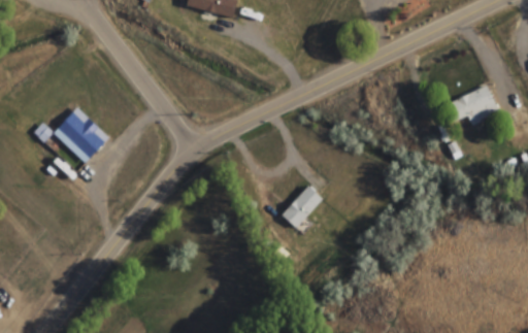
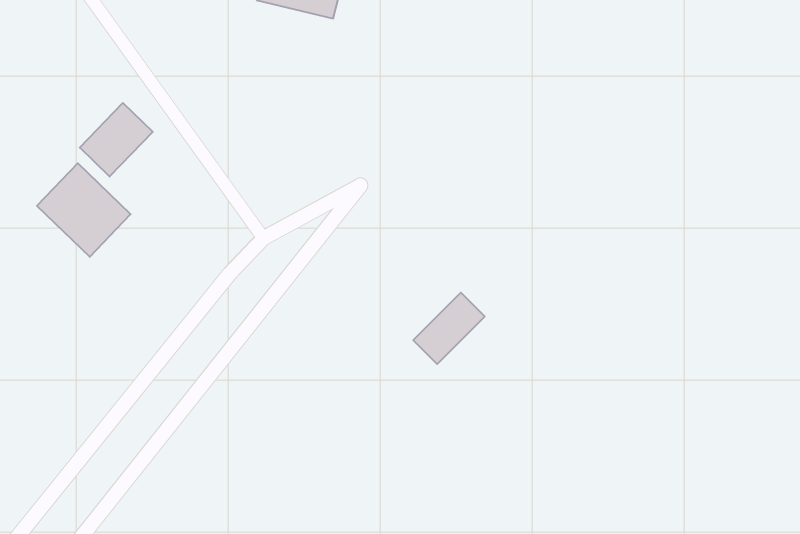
building: none -> [80,103,153,177]
building: [444,86,498,129] -> none

